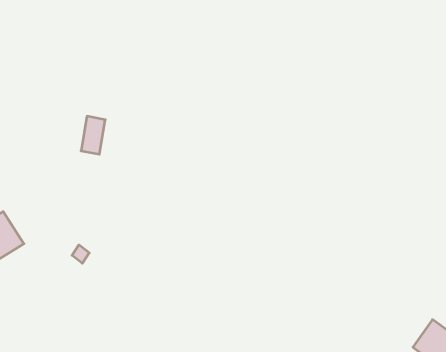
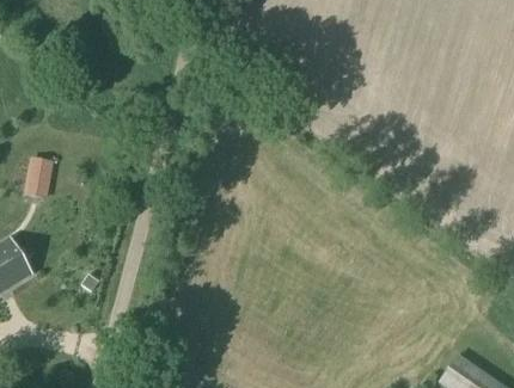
building: [81,116,105,154] -> [26,158,51,197]

